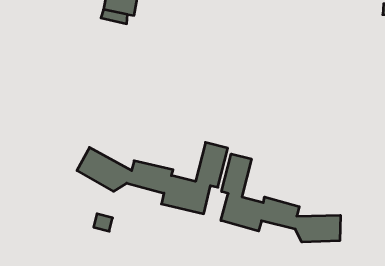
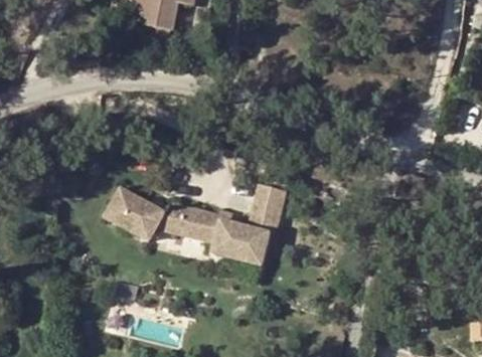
building: [221,154,340,242] -> none

